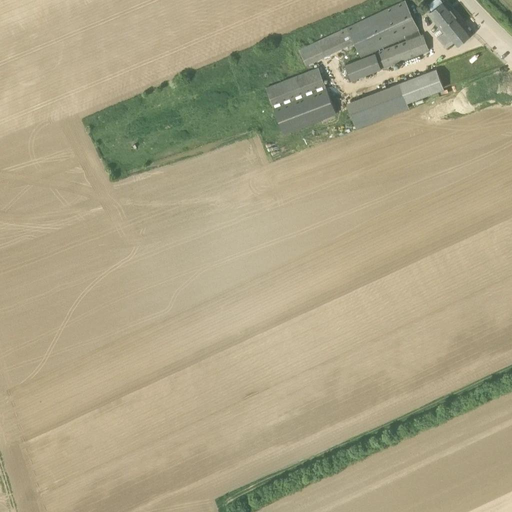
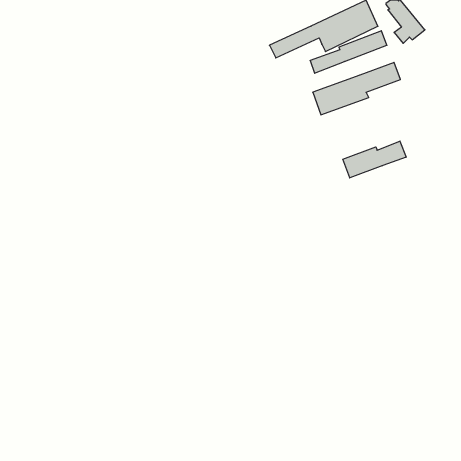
building: [265,68,335,134] -> none
building: none -> [343,141,406,178]

